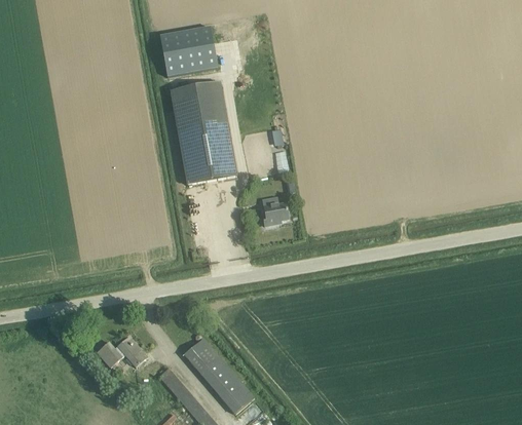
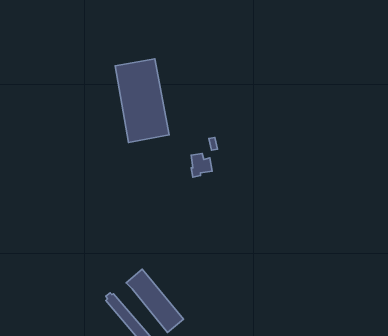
building: [162,26,225,76] -> none
building: [96,335,146,365] -> none

